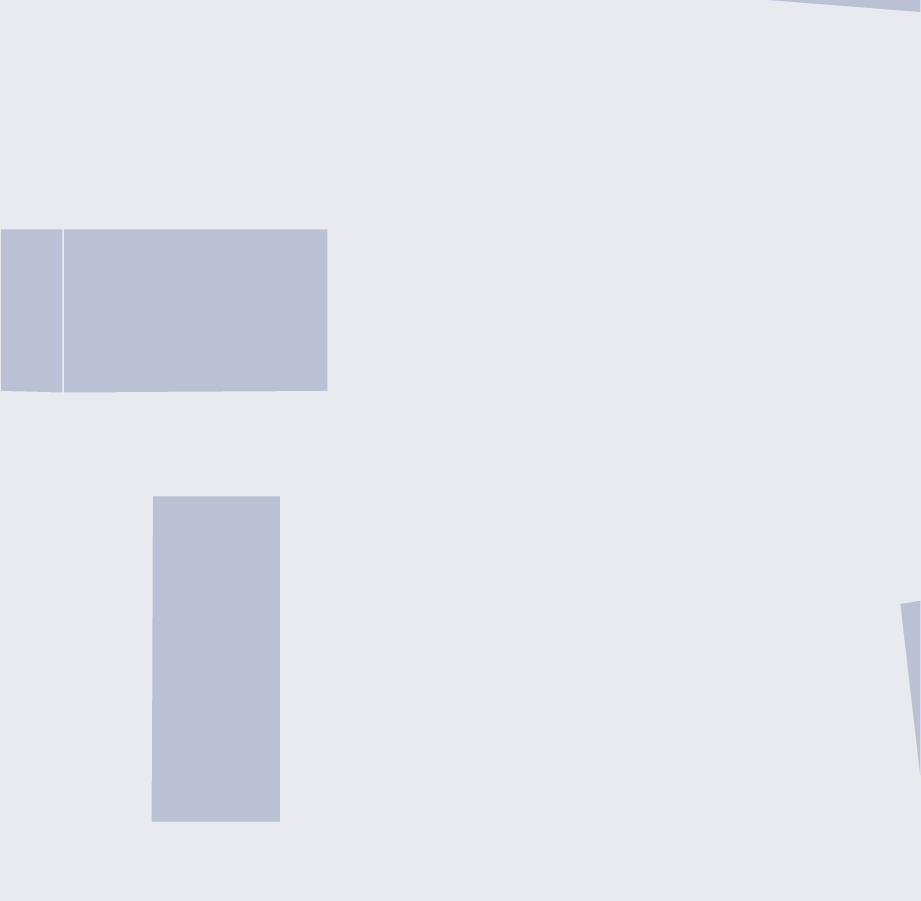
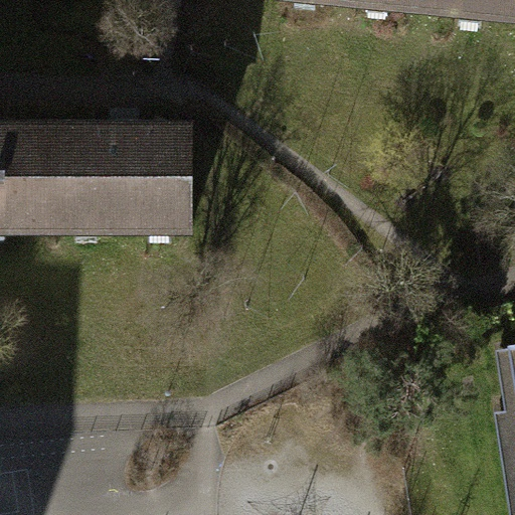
building: [151,496,280,823] -> none

